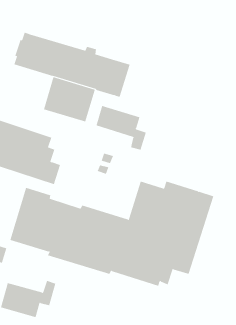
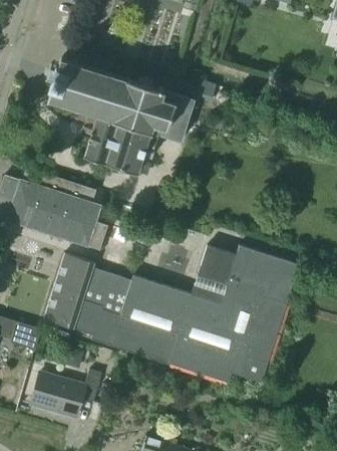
building: [96,105,146,151] -> none

